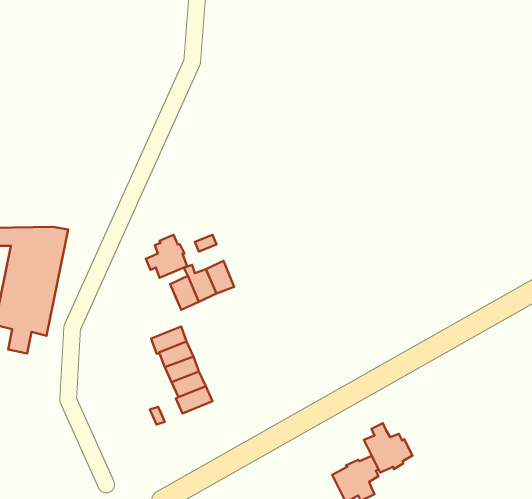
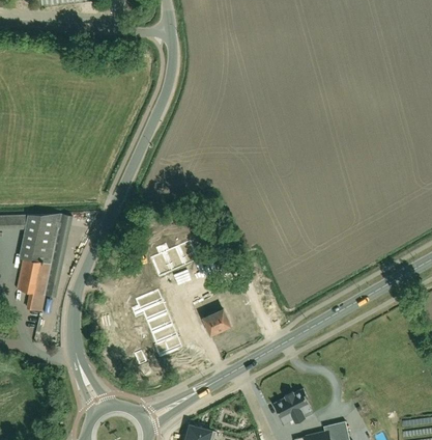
building: [146,235,187,278] -> none
building: none -> [202,308,229,333]
building: [364,423,412,473] -> none

